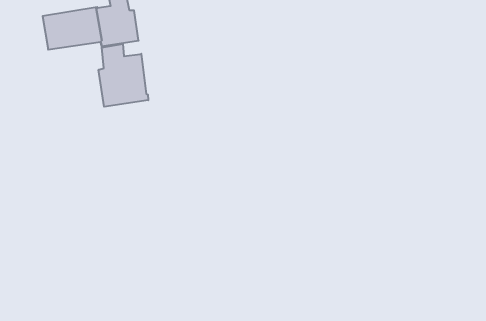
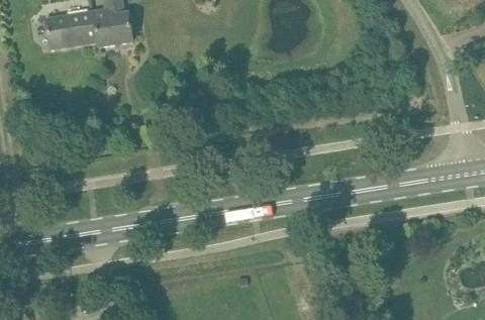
building: [99,44,148,107] -> none

